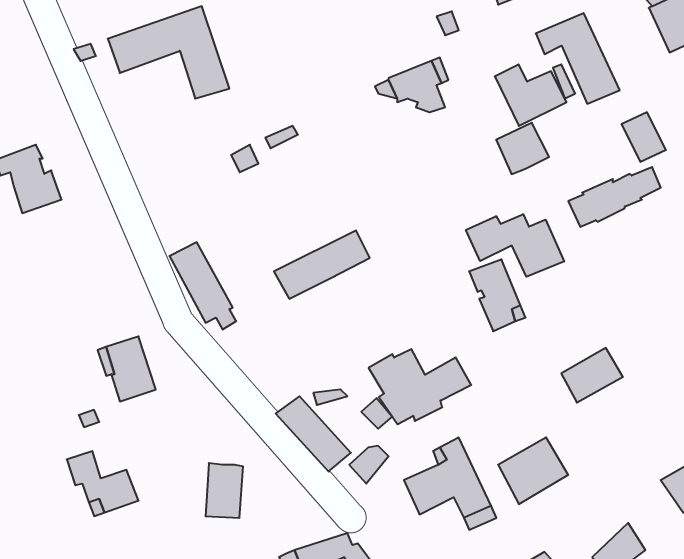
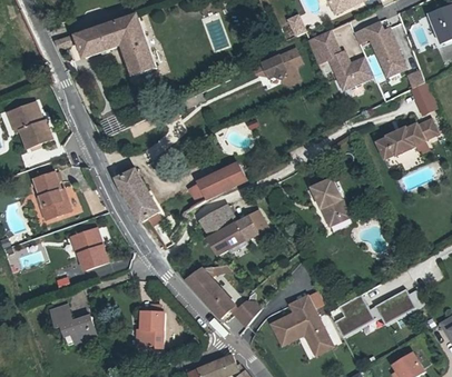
building: [496,123,549,174] -> [309,30,344,63]
building: [466,214,564,277] -> none
building: none -> [35,172,70,220]
building: [561,348,623,403] -> [376,289,416,325]
building: [369,349,471,424] -> [199,204,266,252]

